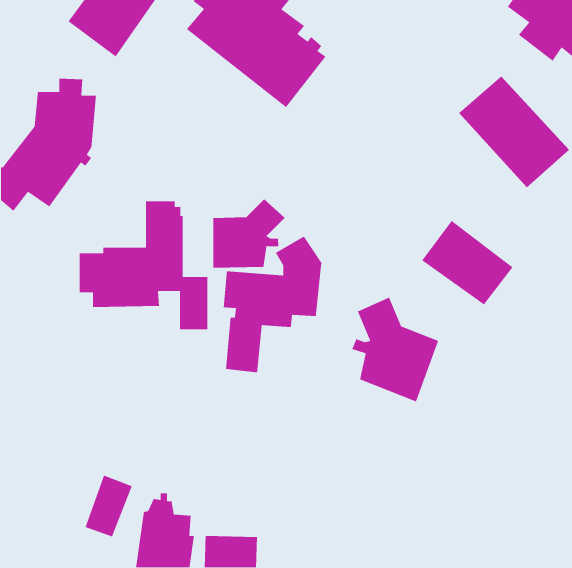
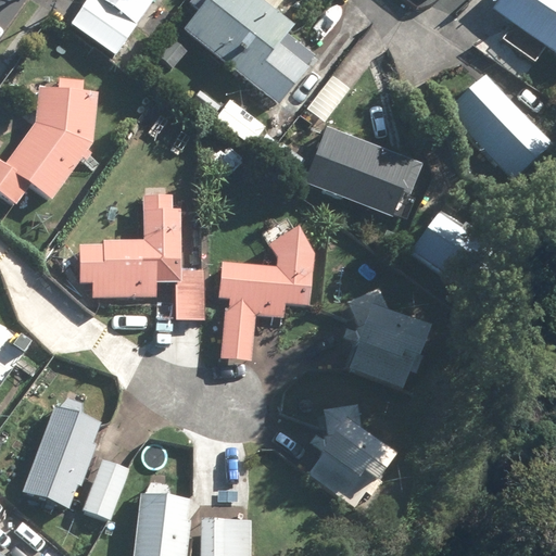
building: none -> [304,125,426,217]
building: [213,199,286,269] -> none
building: none -> [23,396,101,508]
building: none -> [308,402,396,506]

